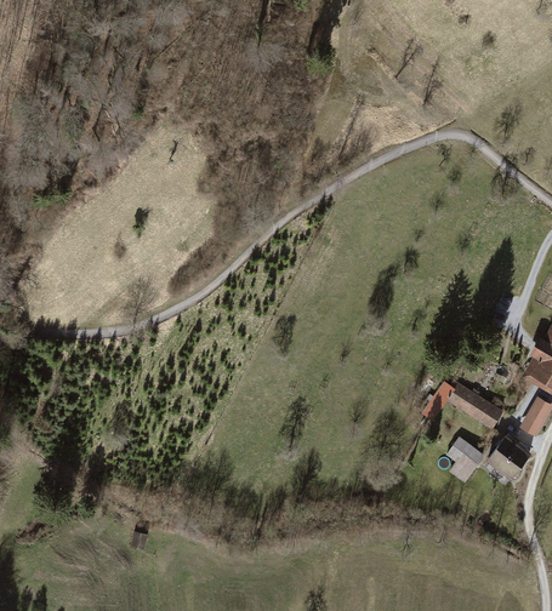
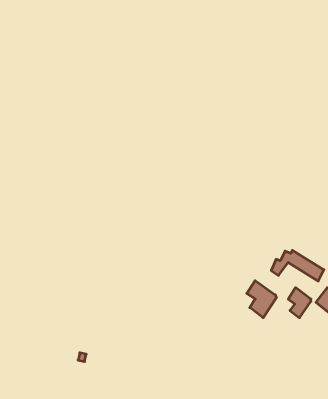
building: none -> [247,281,276,318]

